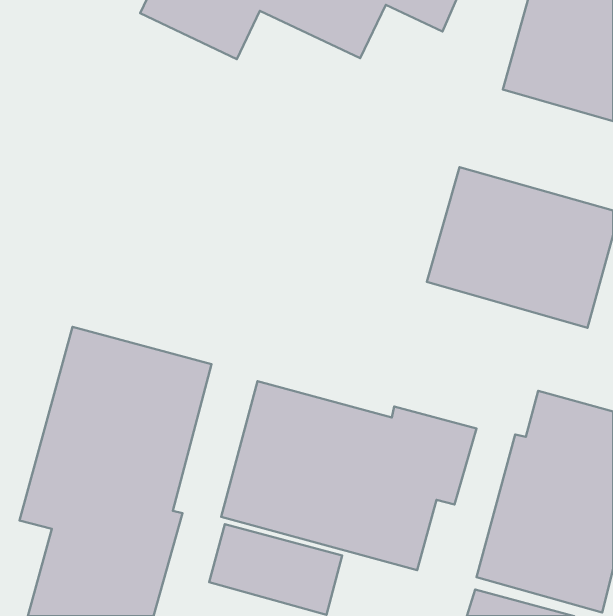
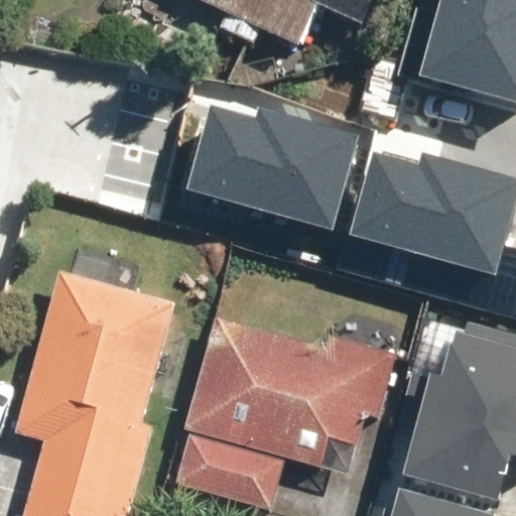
building: none -> [188,92,358,226]

